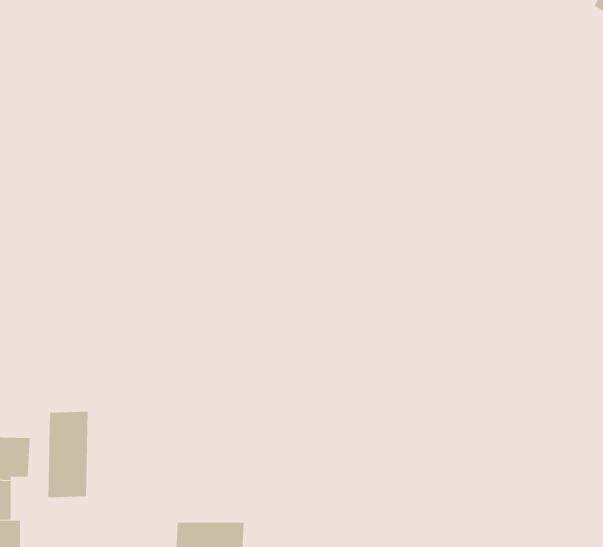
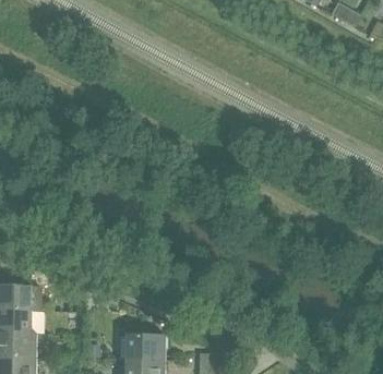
building: [48,411,88,498] -> none

